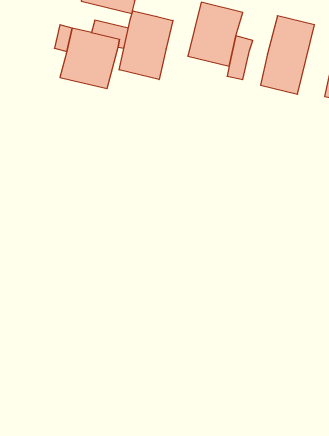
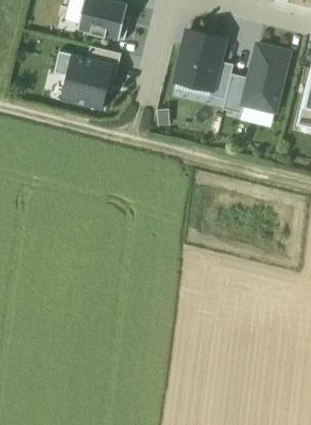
building: [119,11,173,80] -> none
building: none -> [223,74,247,113]

